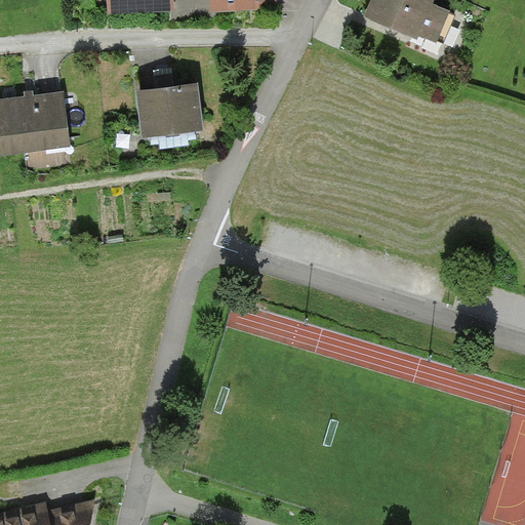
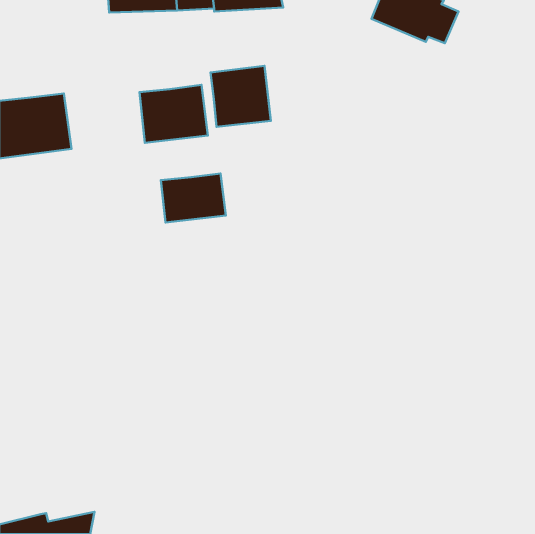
building: none -> [210,66,271,127]
building: none -> [161,173,226,223]

